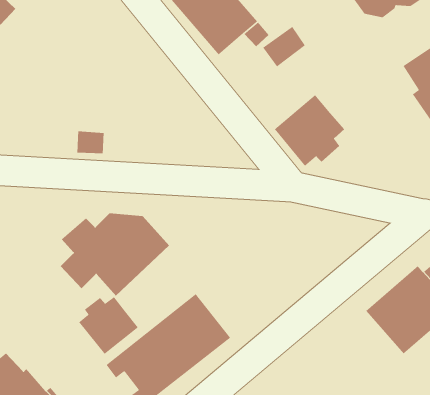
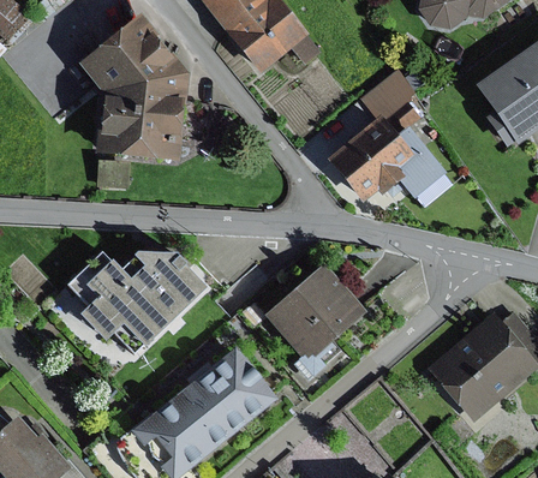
building: none -> [79,13,187,161]
building: [262,26,306,67] -> [363,68,413,116]
building: none -> [391,126,446,196]
building: none -> [263,263,366,358]
building: [78,296,139,355] -> none

